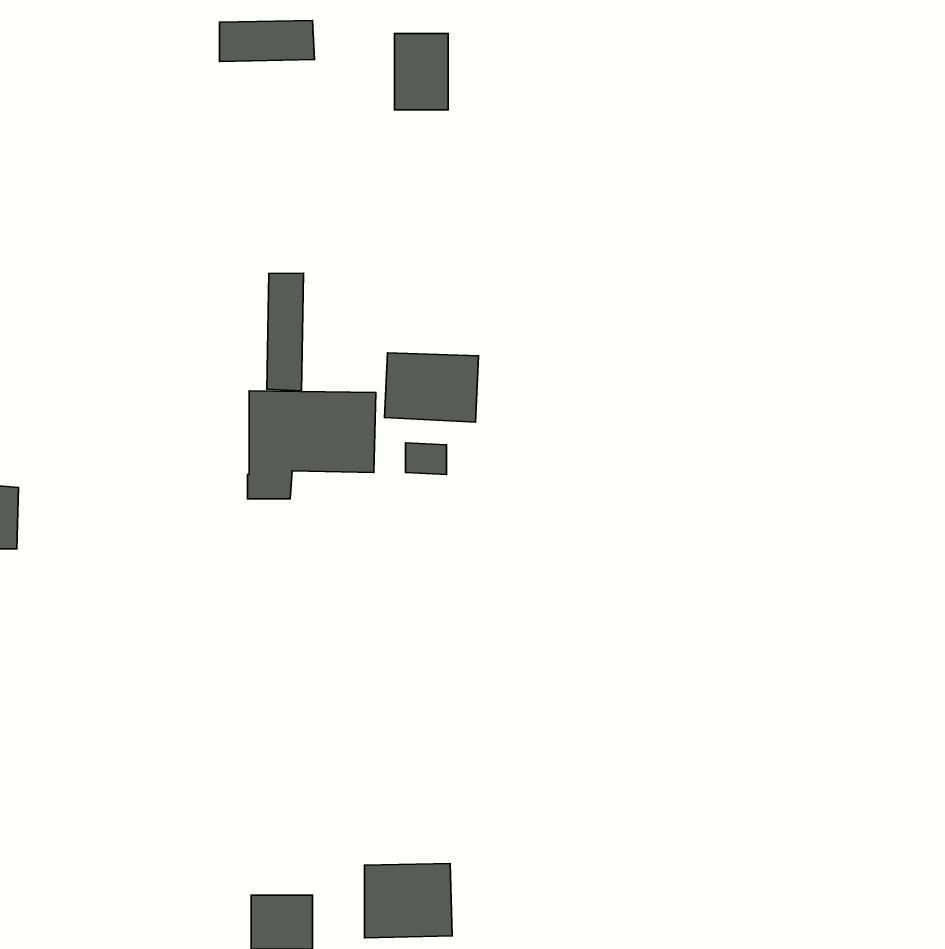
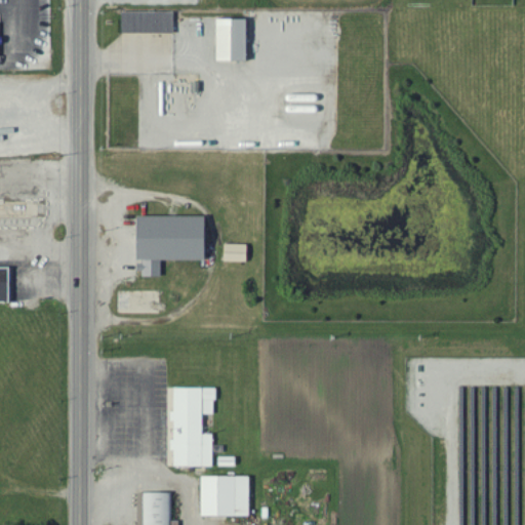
building: [267,273,303,391] -> none
building: [385,353,479,422] -> none
building: none -> [171,388,213,467]

